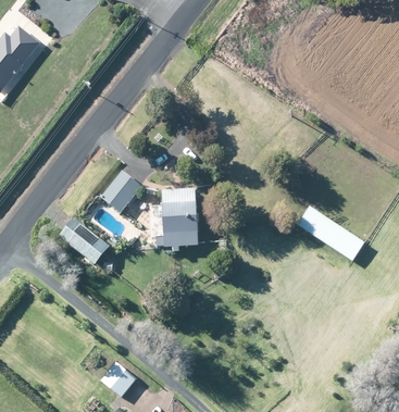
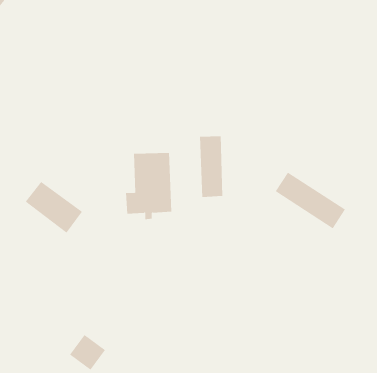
building: [101,170,140,212] -> none
building: none -> [200,136,223,198]

